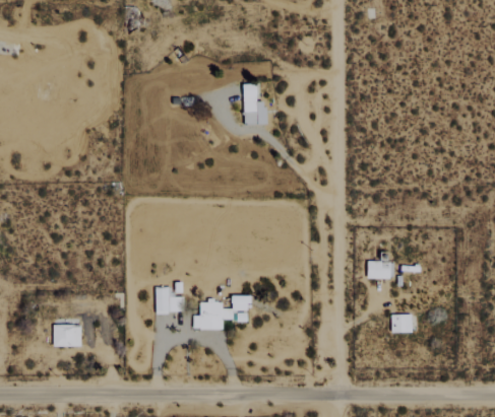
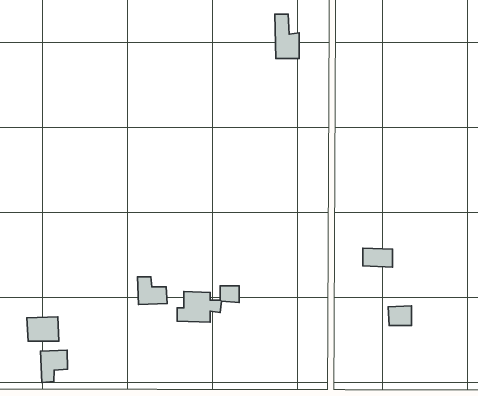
building: [242,83,264,124] -> [275,14,299,58]
building: none -> [41,350,68,383]

